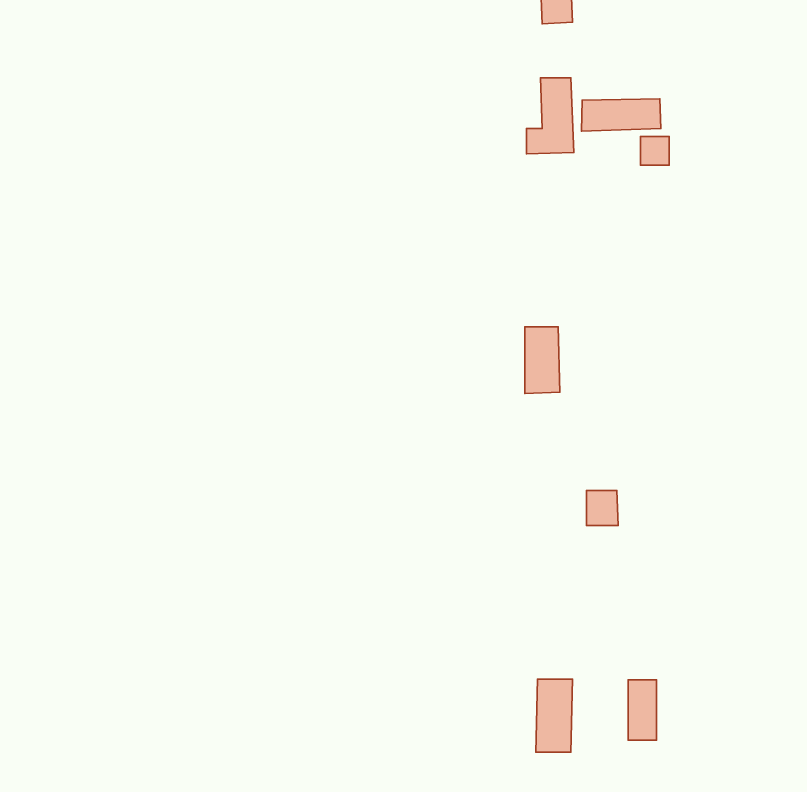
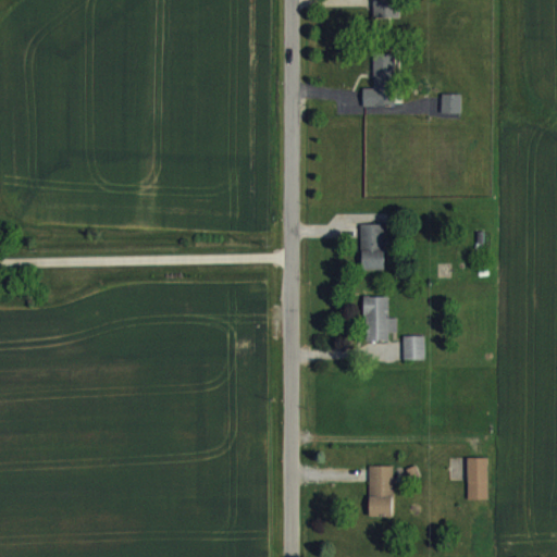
building: [581,99,661,131] -> none
building: none -> [363,297,396,342]
building: [628,680,657,740] -> [467,458,486,499]

